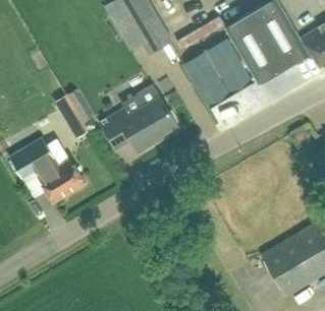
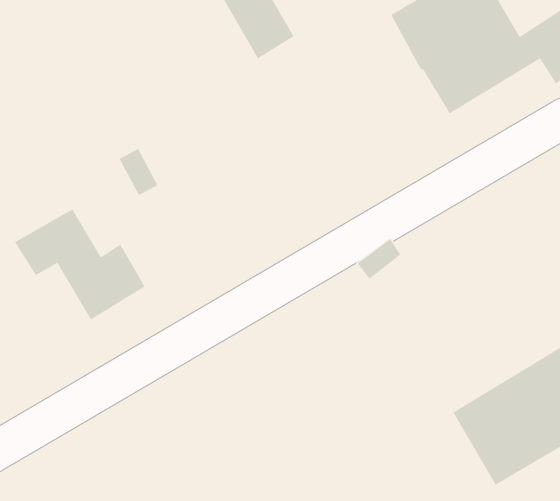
building: [183,29,253,107] -> none
building: [100,85,177,152] -> none

